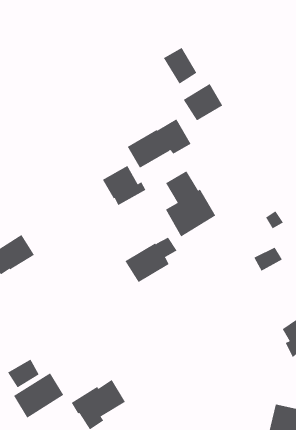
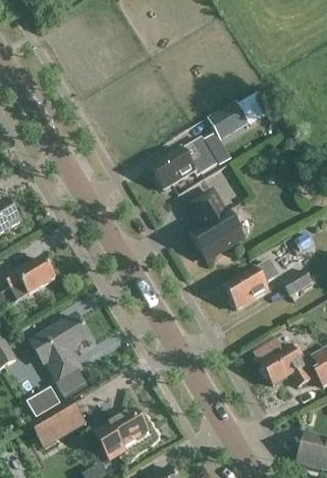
building: [163,47,197,84] -> none
building: [102,165,146,206] -> none
building: [125,237,177,283] -> [222,260,277,308]
building: none -> [30,314,88,397]
building: none -> [253,339,309,385]

